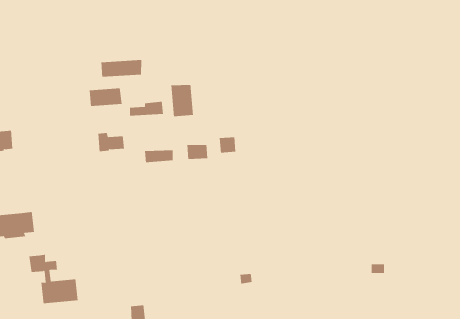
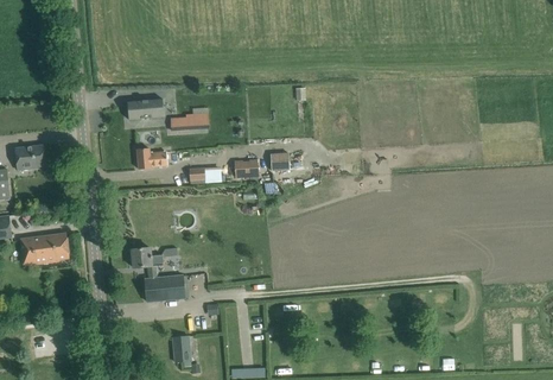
building: [101,59,142,78] -> none
building: [171,84,193,117] -> none
building: [29,254,78,304] -> [131,247,185,302]

